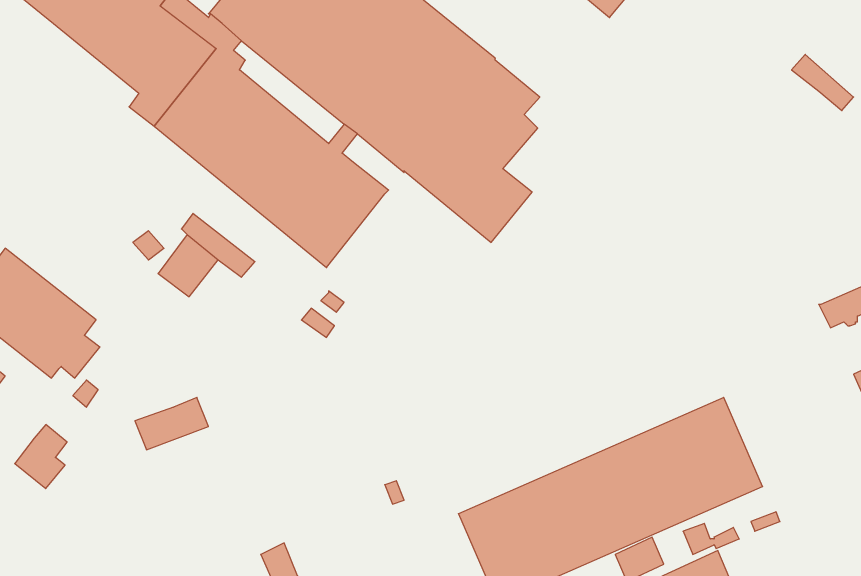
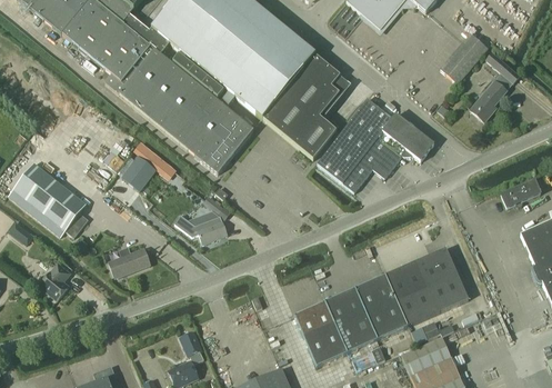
building: none -> [439,32,488,83]
building: none -> [470,79,505,120]
building: none -> [317,98,433,191]
building: none -> [173,213,227,243]

